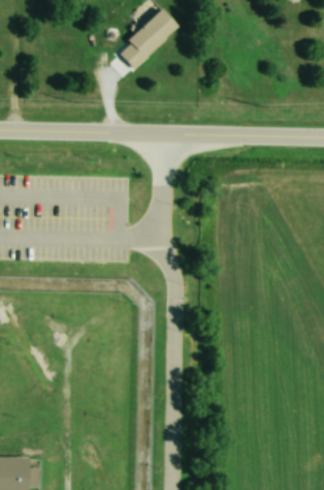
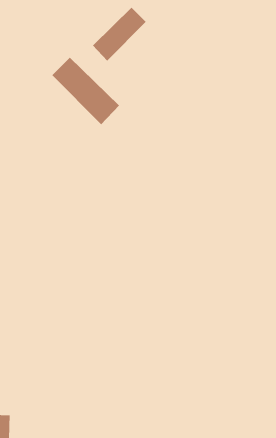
building: none -> [51,57,120,125]

